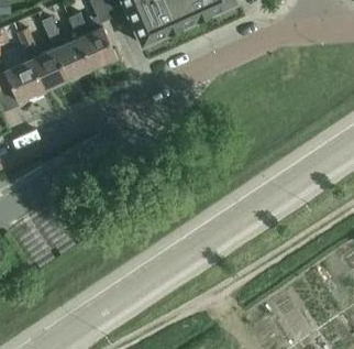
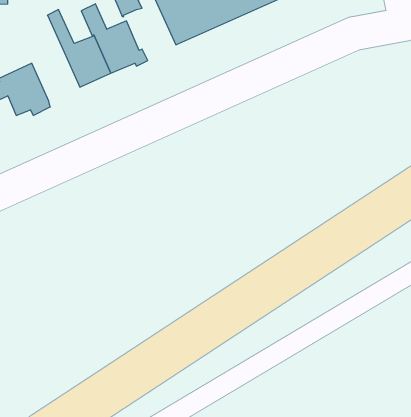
building: [16,28,68,89] -> none

